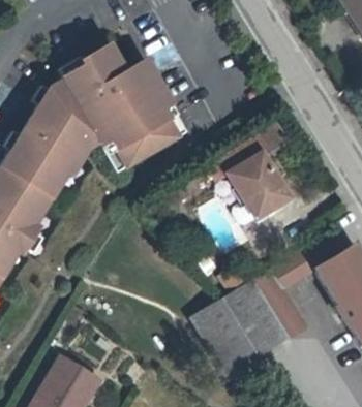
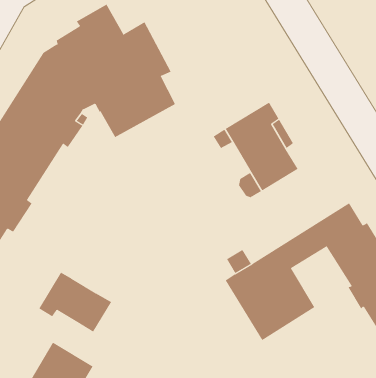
building: none -> [39,272,112,333]
building: [190,301,253,375] -> none

